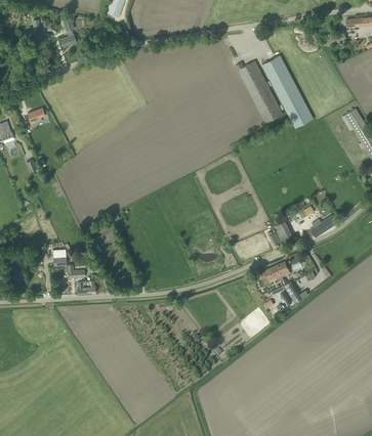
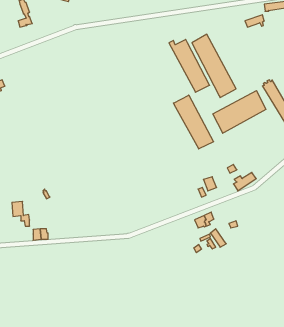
building: none -> [213,91,266,133]
building: none -> [173,95,214,149]

